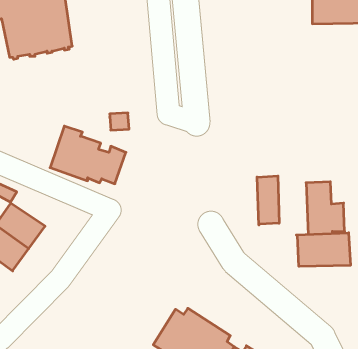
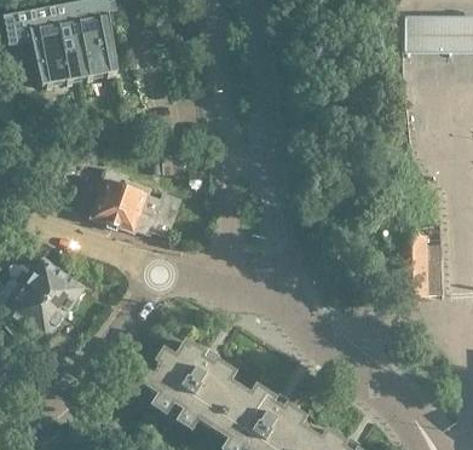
building: [257,176,279,225] -> none
building: [296,233,350,266] -> none
building: none -> [140,340,240,428]

